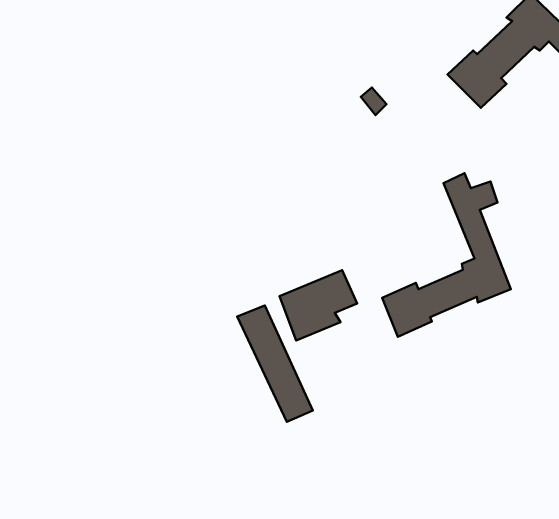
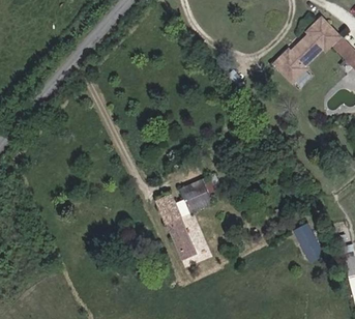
building: [382,173,511,337] -> none
building: none -> [292,221,324,262]

